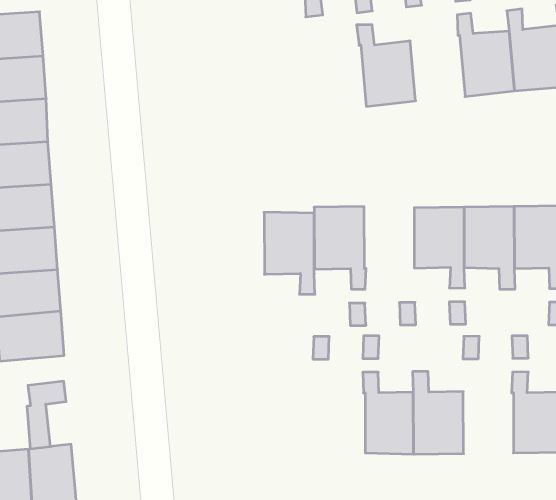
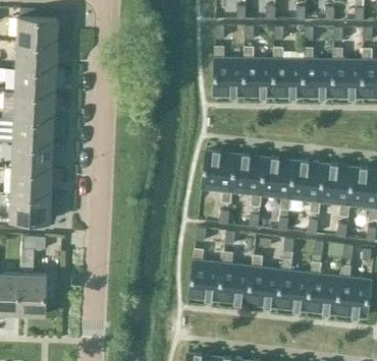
building: none -> [274,49,305,98]
building: none -> [215,48,246,97]
building: [264,212,315,294] -> [232,156,266,207]
building: none -> [278,260,312,311]
building: none -> [190,250,224,301]

